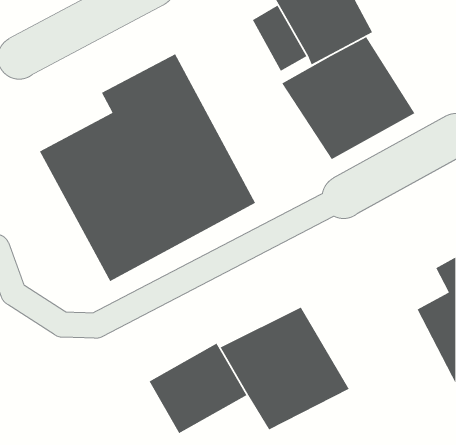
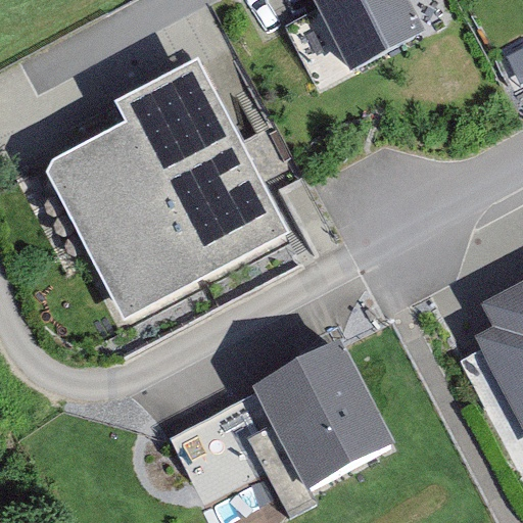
building: [281,36,415,160] -> none

